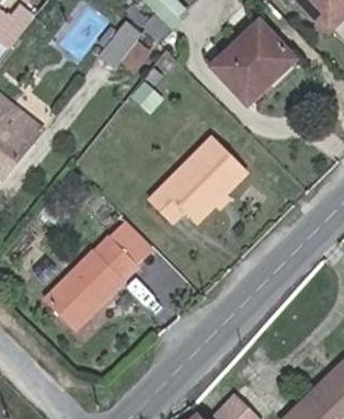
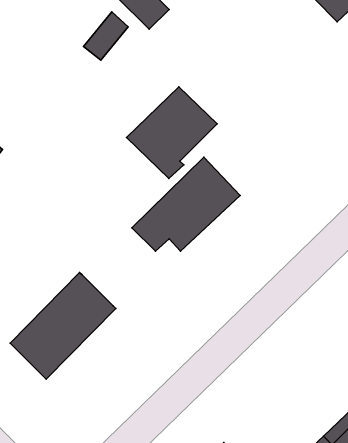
building: [218,15,298,97] -> [127,87,217,179]
building: [107,225,154,271] -> none

